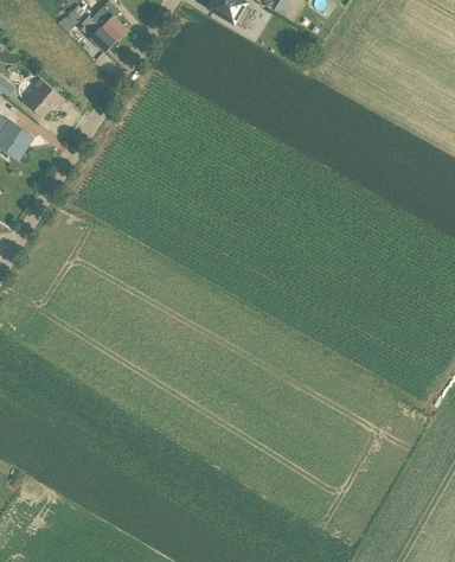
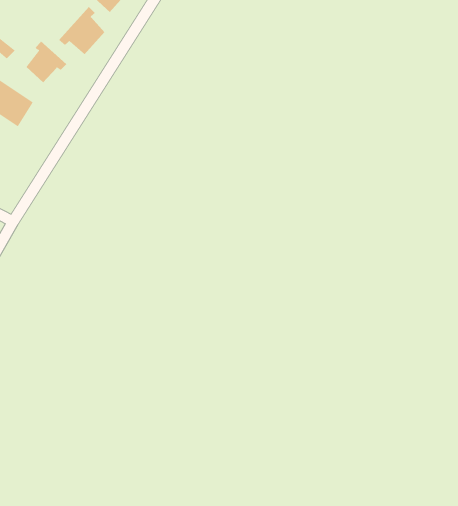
building: none -> [58,6,105,55]

